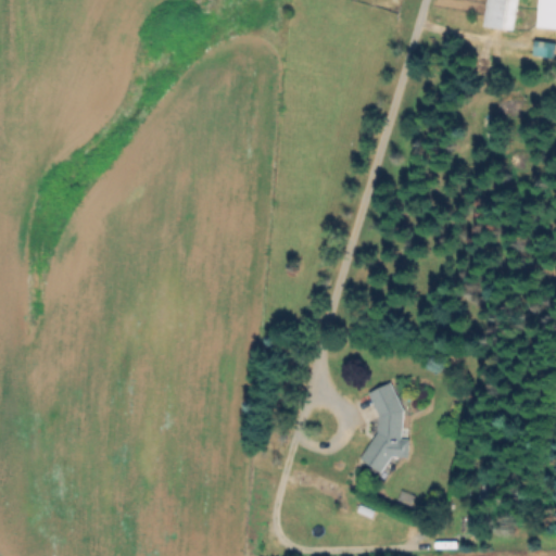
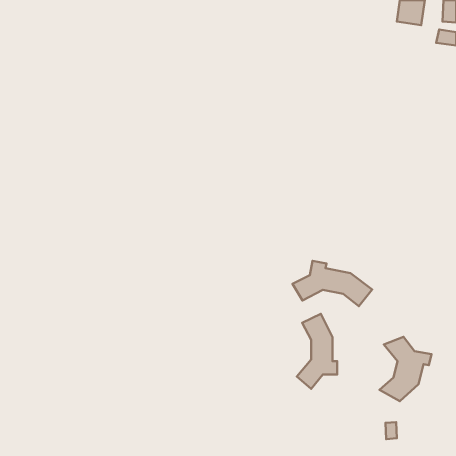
building: none -> [293,261,372,306]
building: none -> [379,337,431,401]

